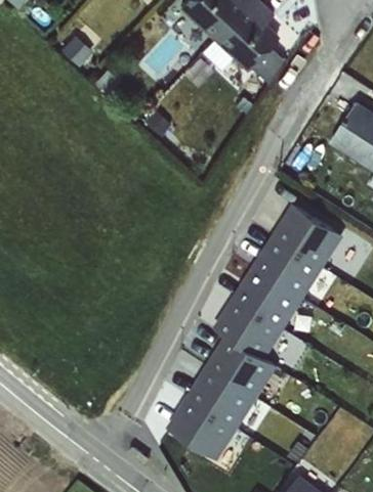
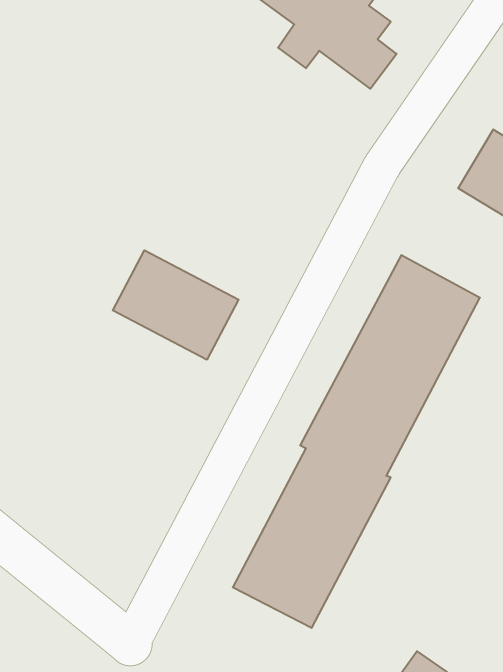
building: none -> [113,250,239,360]

